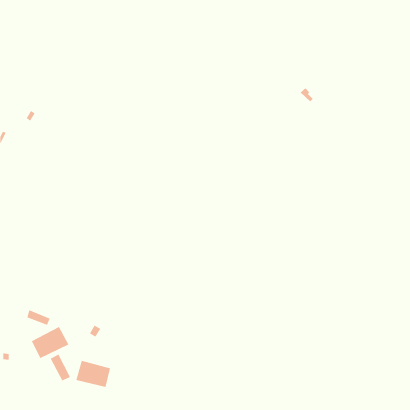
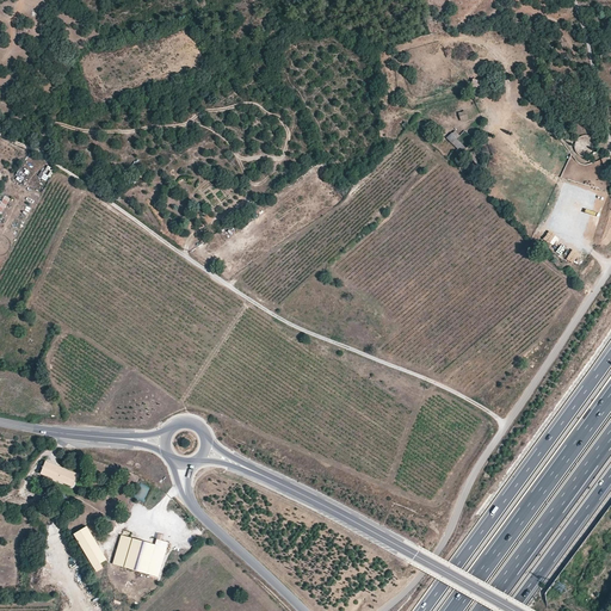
building: [31,326,69,359] -> none

